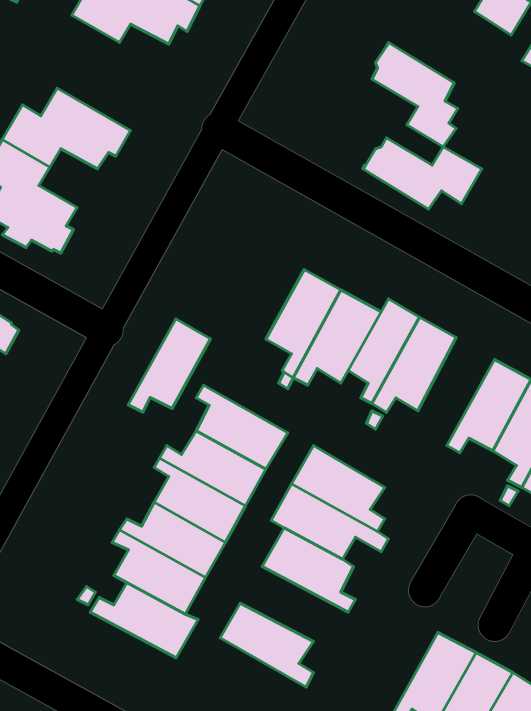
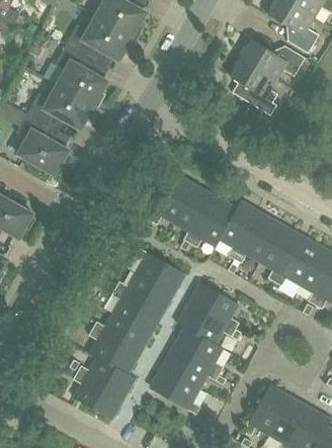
building: none -> [55,42,107,106]
building: [363,138,482,209] -> [241,40,307,80]
building: [128,319,210,412] -> [149,172,194,223]
building: none -> [257,220,300,280]
building: none -> [159,347,226,388]
building: none -> [73,372,123,419]

